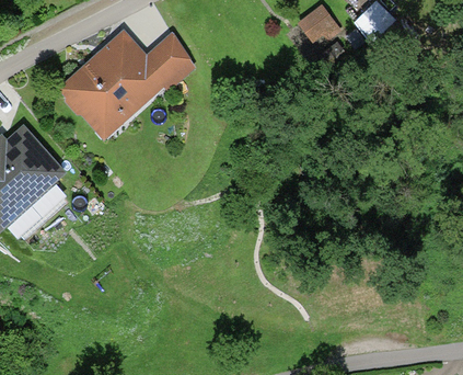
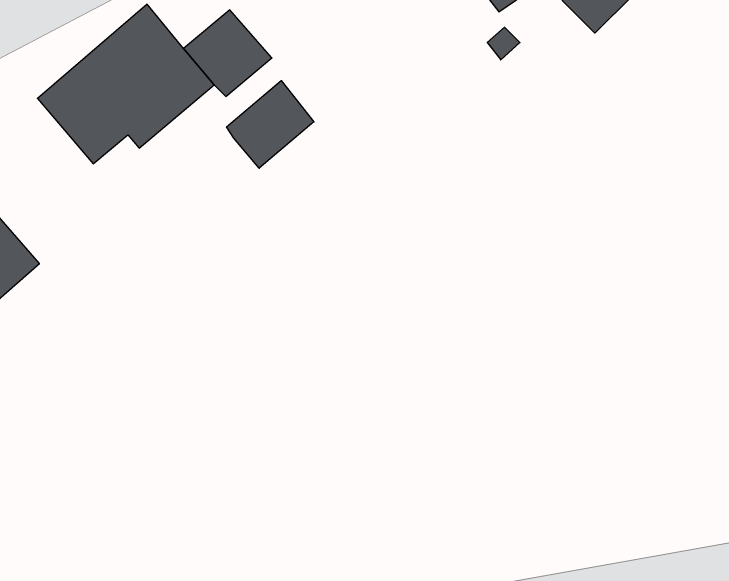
building: none -> [227,81,314,168]

